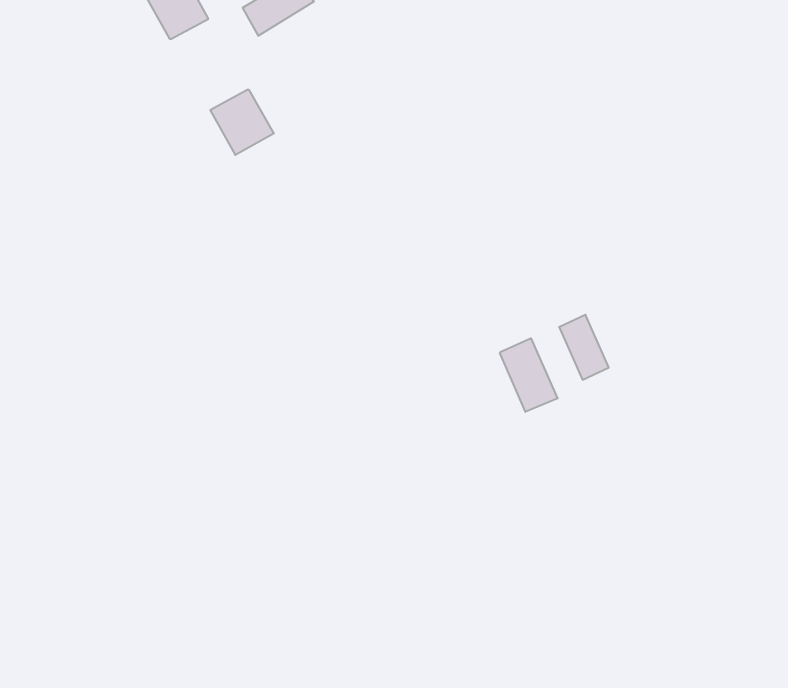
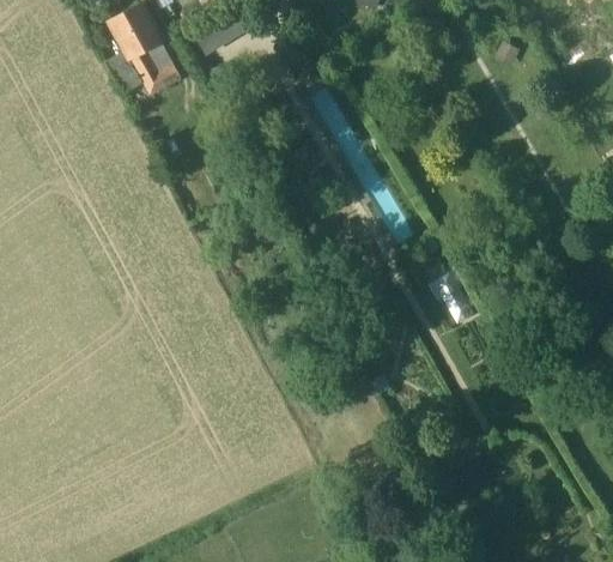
building: [210,90,274,155] -> [133,43,182,93]
building: [500,338,558,412] -> none

